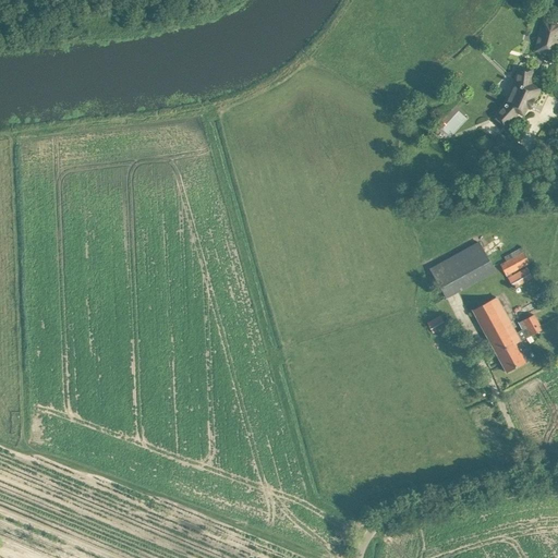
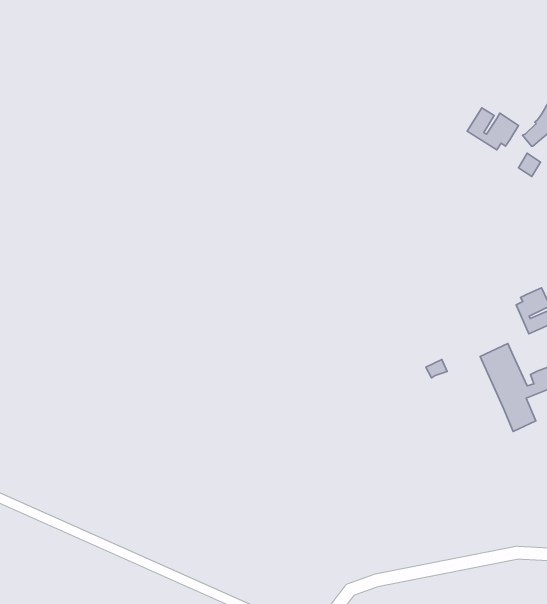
building: none -> [467,108,519,150]
building: [430,242,495,298] -> none

